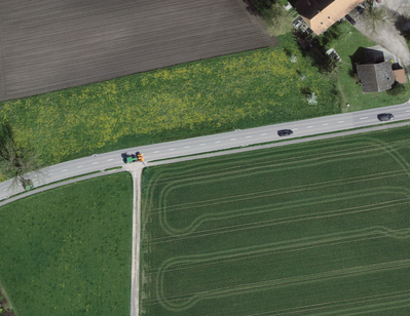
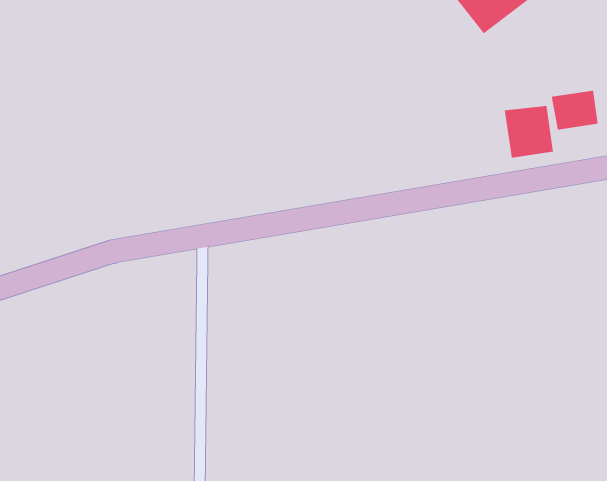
building: none -> [504,105,554,159]

